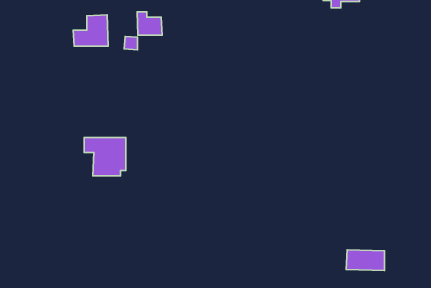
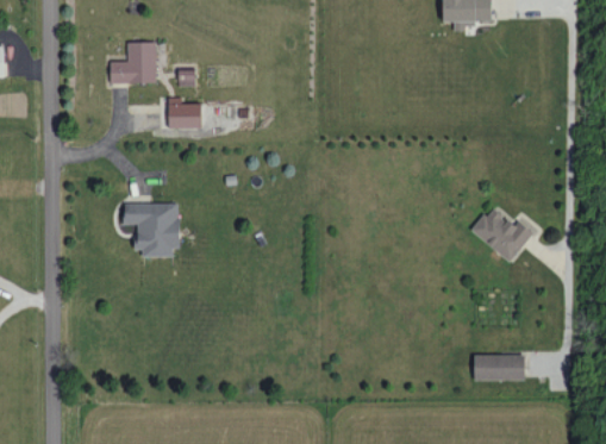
building: [137,12,162,35] -> [168,96,201,127]
building: none -> [471,205,535,262]

